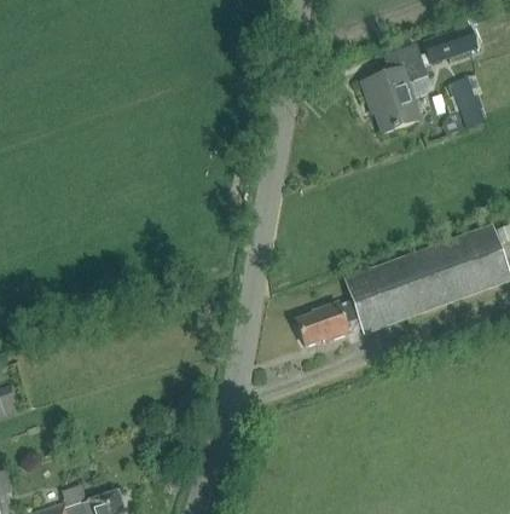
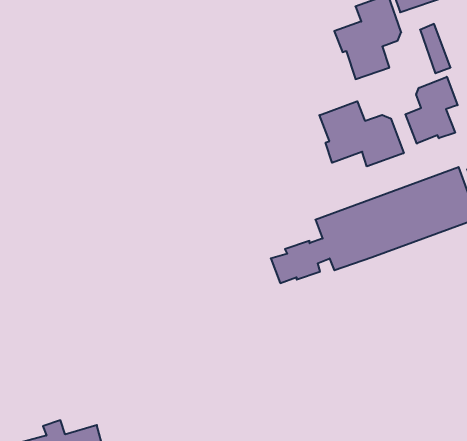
building: none -> [405,77,458,144]
building: none -> [319,101,404,166]

